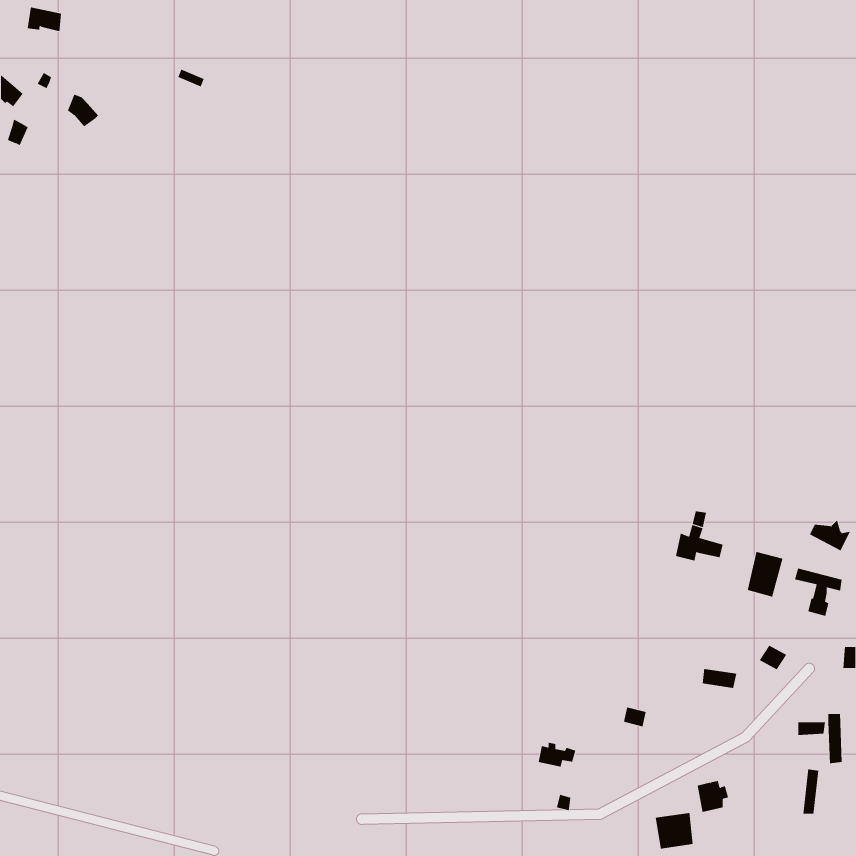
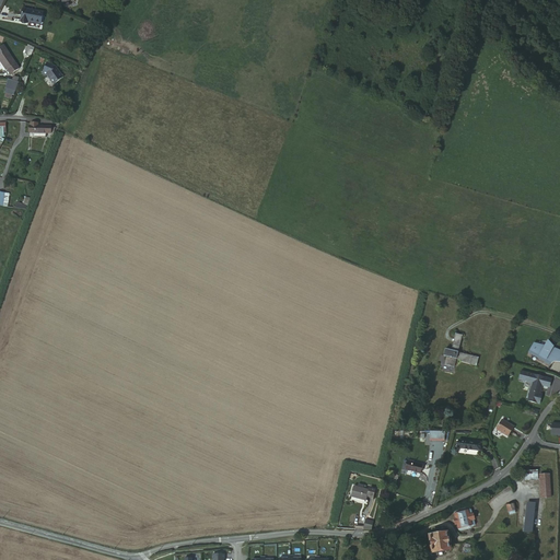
building: [747,551,783,597] -> none

